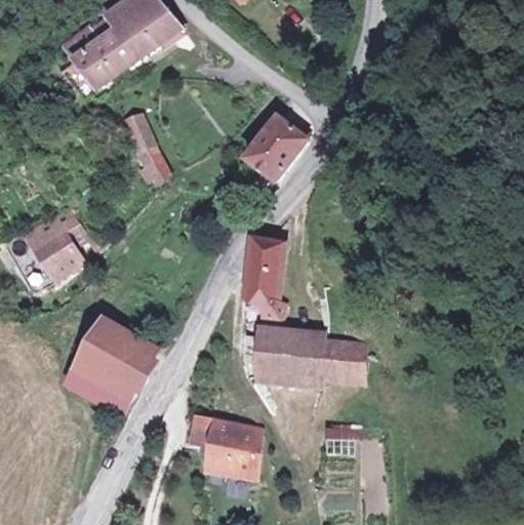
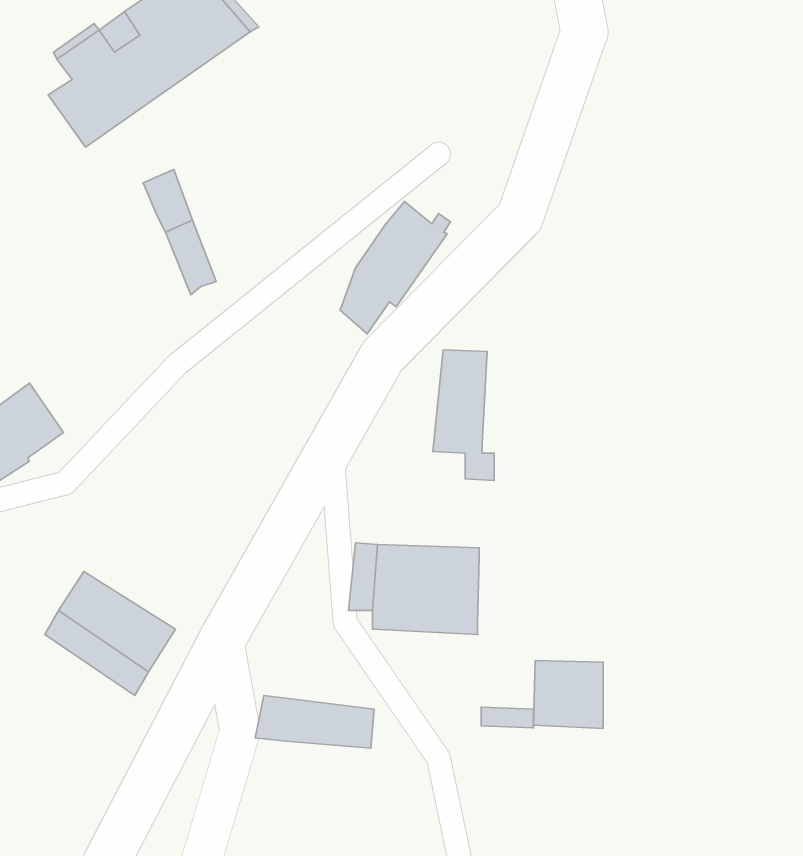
building: [252,237,289,316] -> [433,350,494,480]
building: [86,320,156,380] -> none
building: [324,337,366,378] -> [534,661,603,728]
building: [205,448,259,478] -> none

